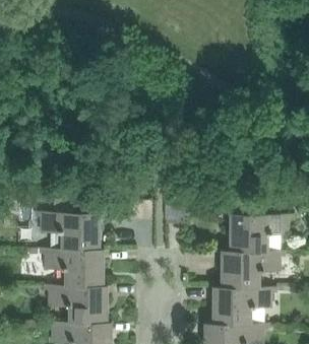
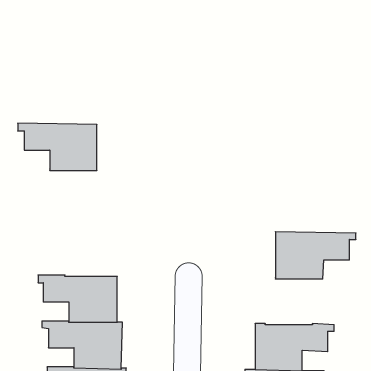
building: [37,212,100,250] -> [18,123,97,170]
building: [222,251,285,288] -> none

